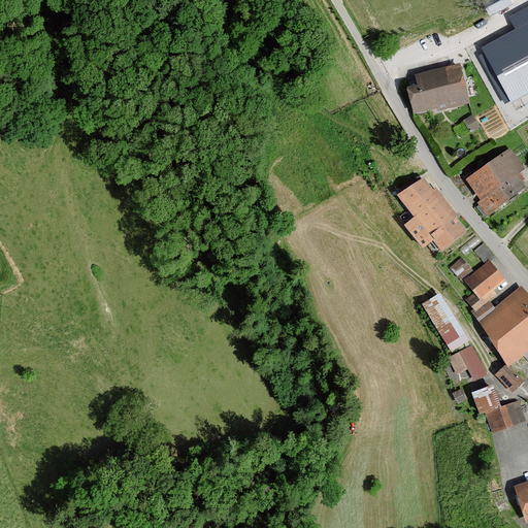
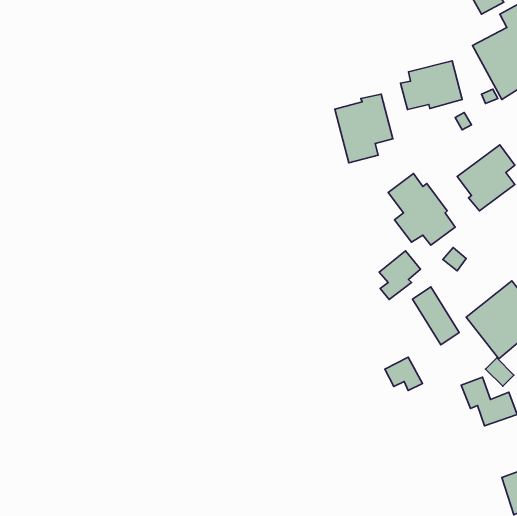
building: none -> [335,94,393,163]
building: [464,260,506,309] -> [379,251,421,300]
building: [449,344,487,378] -> [385,357,422,391]

